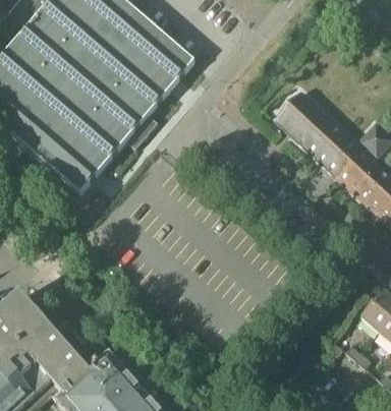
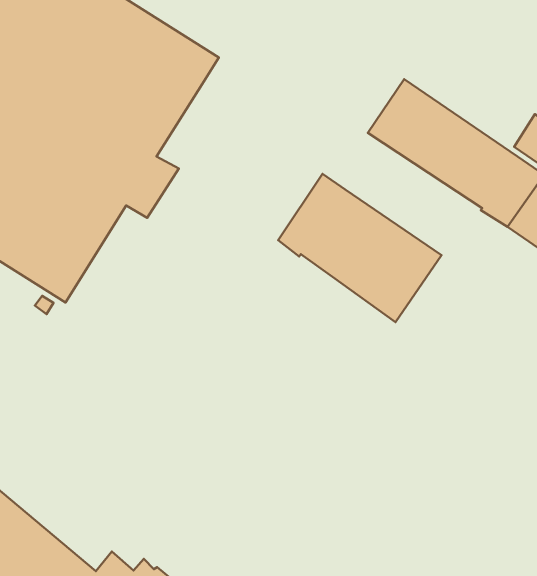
building: none -> [278,174,441,322]

